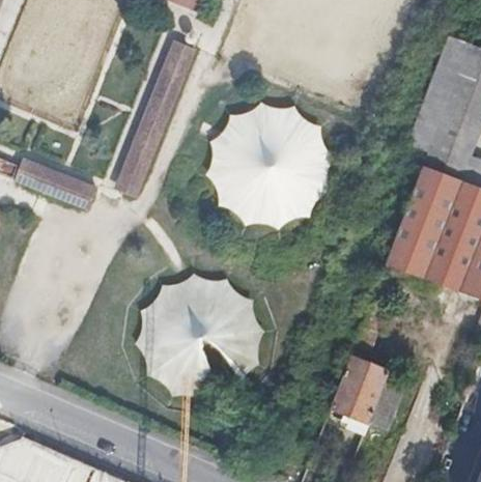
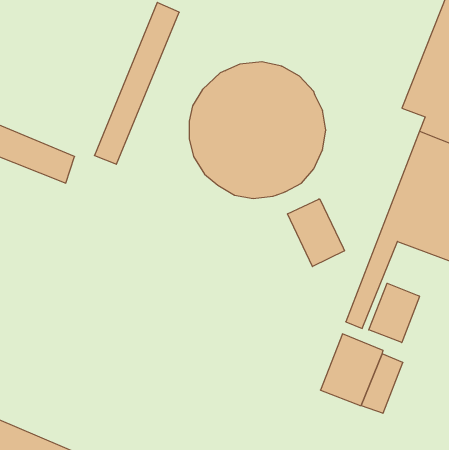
building: none -> [288,199,344,267]
building: [135,275,261,401] -> none
building: none -> [369,283,419,343]

